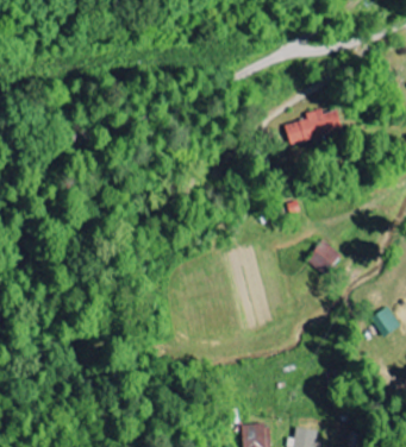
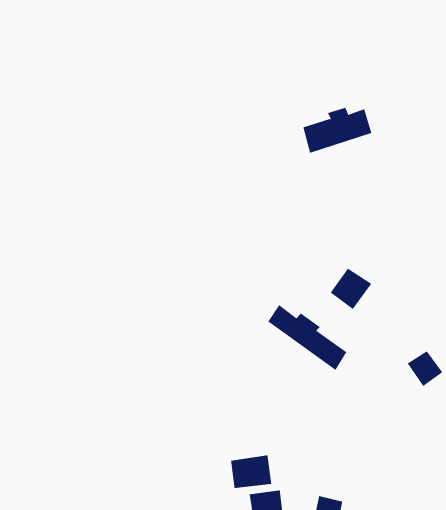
building: none -> [268,304,347,371]
building: none -> [231,455,272,489]

